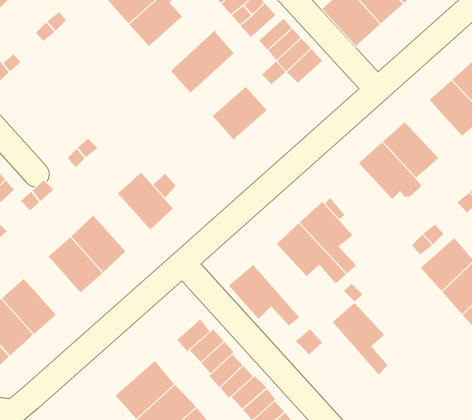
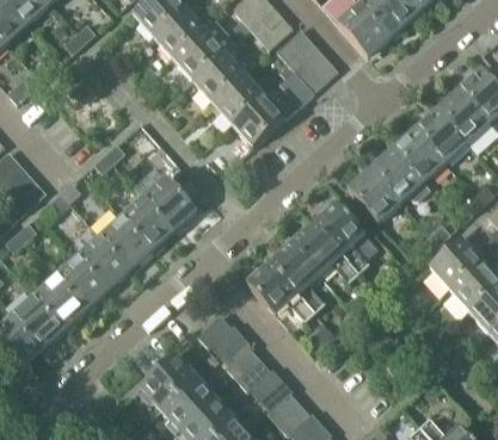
building: none -> [172,19,235,80]
building: none -> [211,63,264,123]
building: none -> [414,107,468,162]
building: none -> [348,167,402,223]
building: none -> [119,196,173,250]
building: none -> [54,255,107,310]
building: [332,302,389,375] -> [271,243,325,312]

